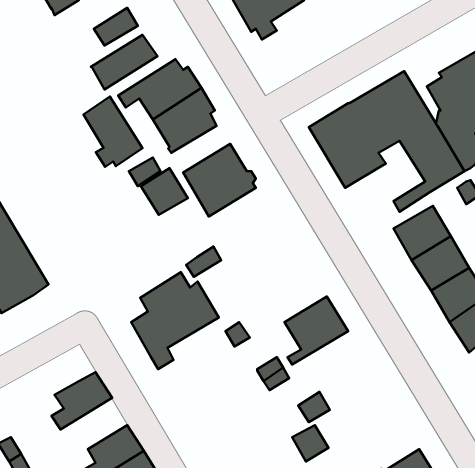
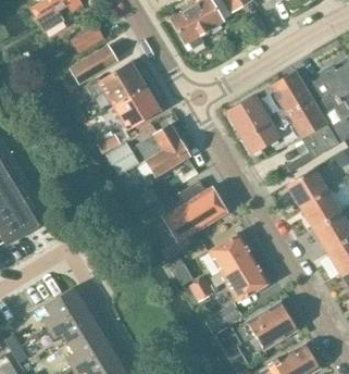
building: [83,96,143,167] -> none
building: [131,272,219,369] -> [163,180,226,250]
building: none -> [214,259,269,300]
building: none -> [239,302,296,348]
building: none -> [48,307,96,344]

